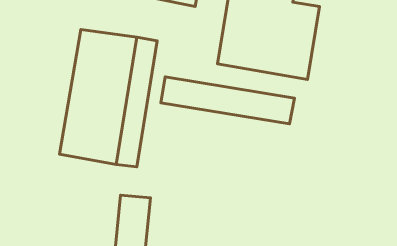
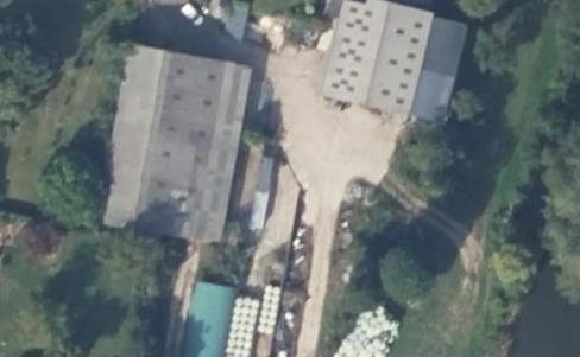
building: [161,77,295,124] -> none

